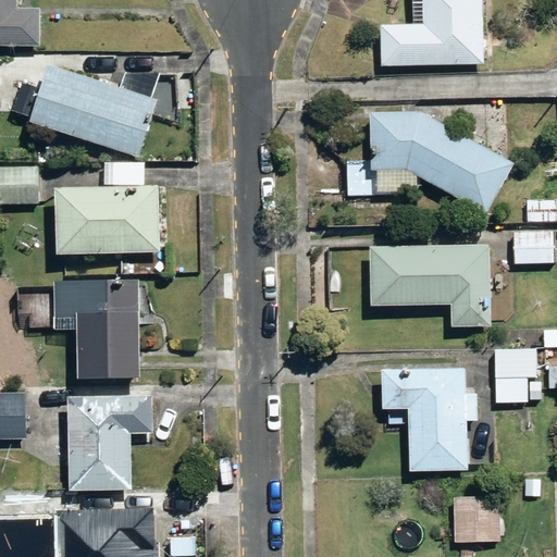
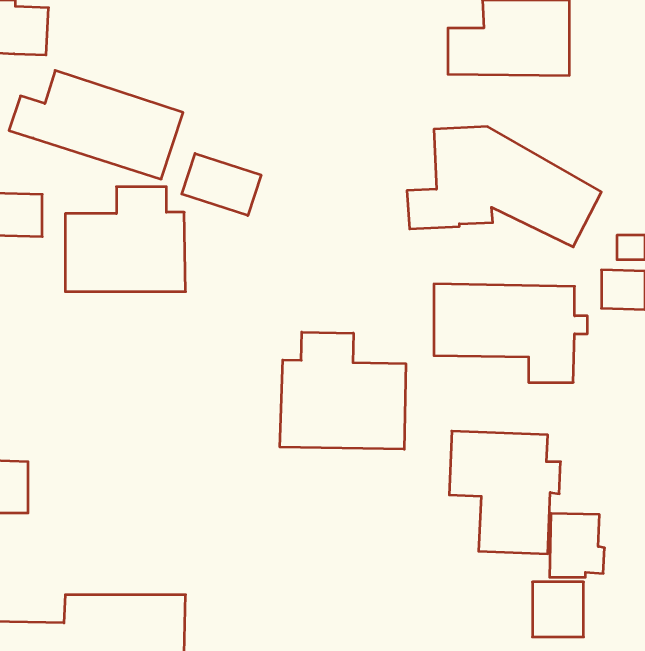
building: none -> [182,153,261,216]
building: [15,275,141,375] -> none
building: none -> [280,332,406,449]
building: [493,350,540,405] -> [550,513,605,577]
building: [66,394,152,487] -> none

